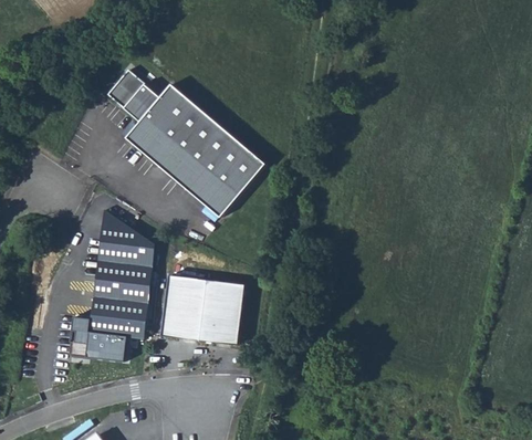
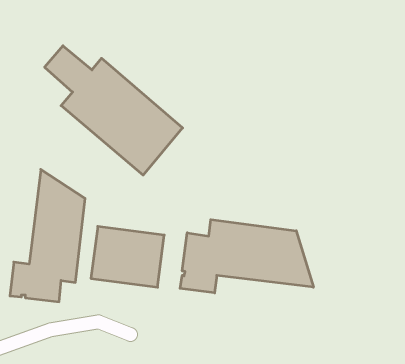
building: none -> [180,220,313,293]

